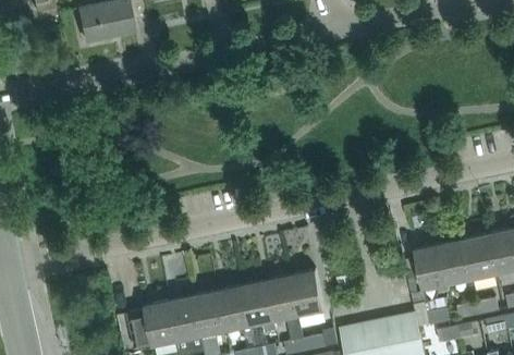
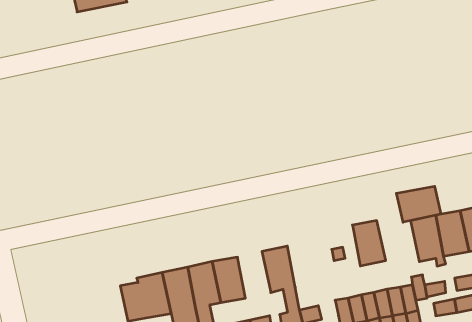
building: none -> [396,186,441,222]
building: [292,270,325,315] -> [352,221,386,266]
building: [243,280,276,333] -> none

